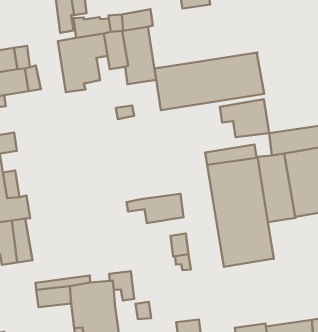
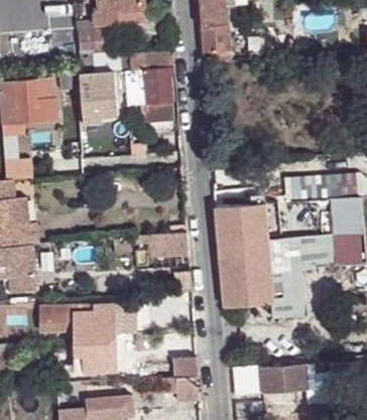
building: [154,52,264,110] -> none
building: [220,99,269,137] -> none
building: none -> [270,266,300,318]

